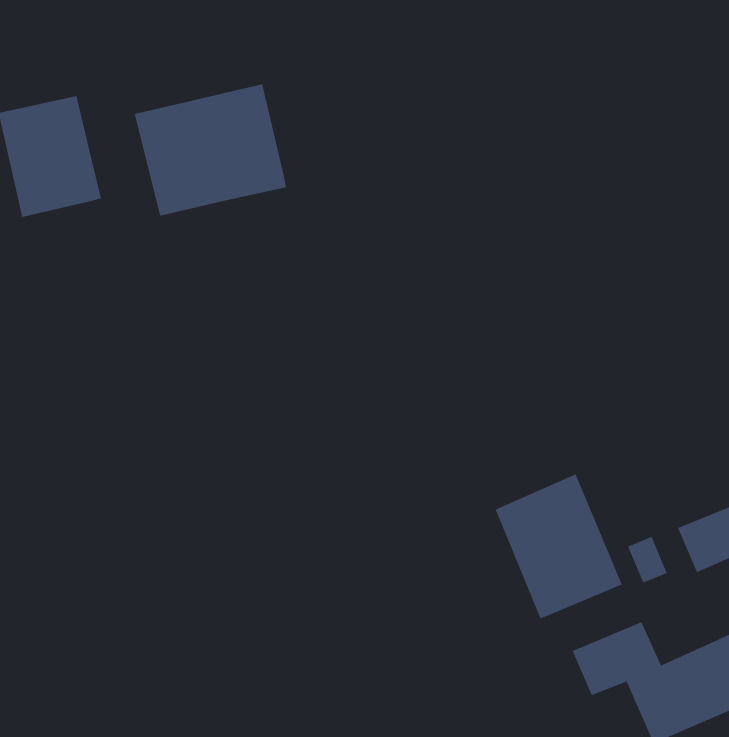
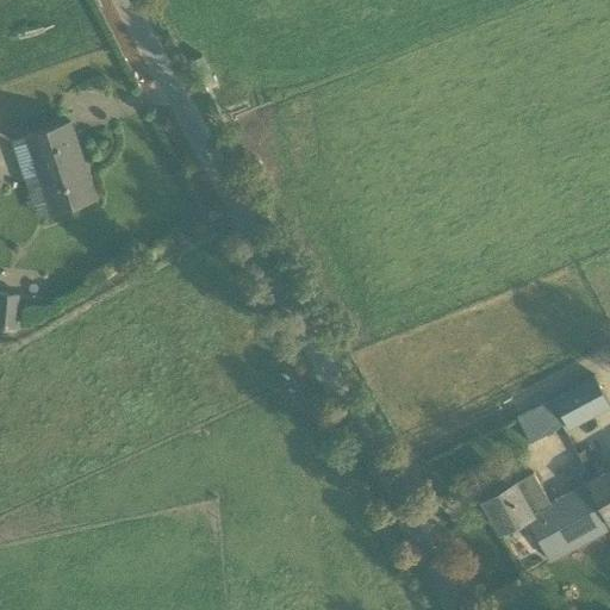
building: [134,84,286,216] -> none
building: [495,474,622,619] -> none

